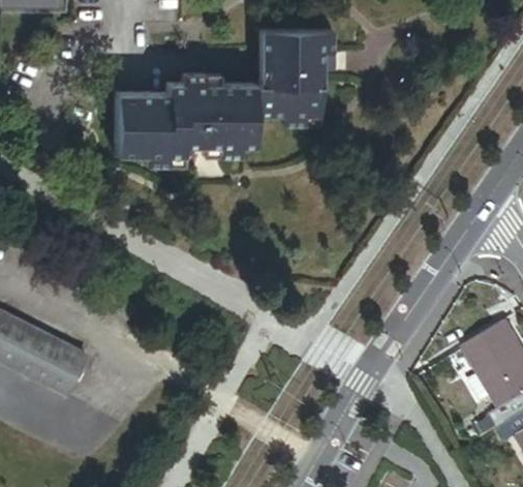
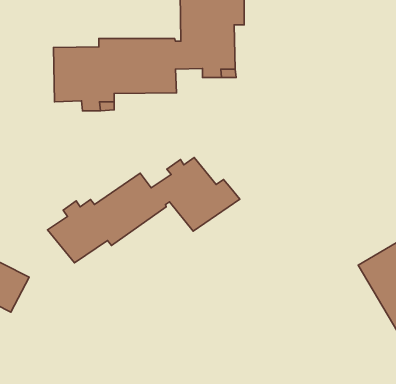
building: none -> [47,157,240,263]

